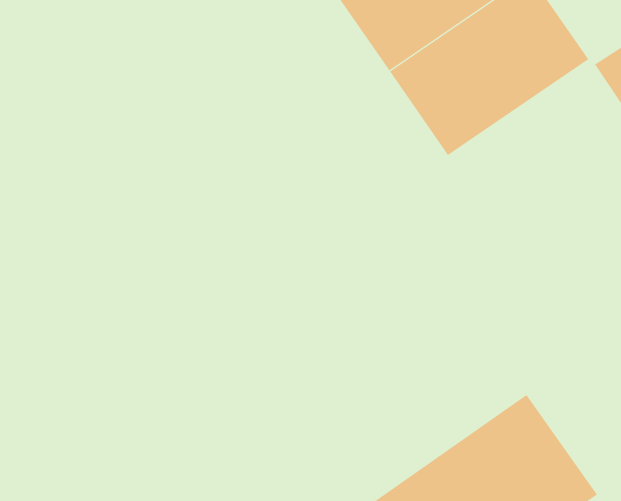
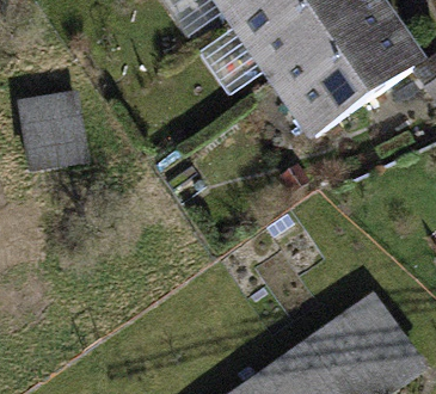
building: none -> [22,98,85,174]

